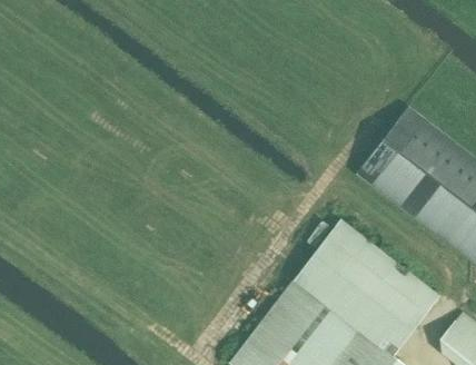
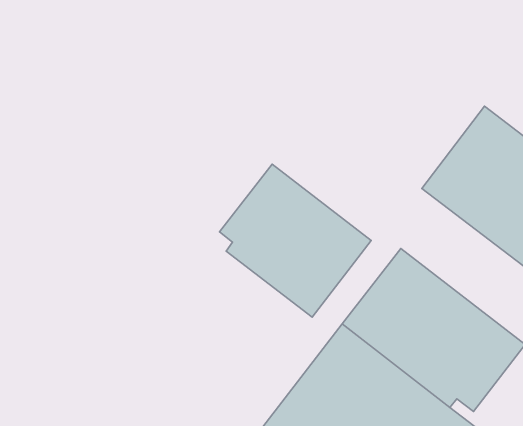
building: none -> [220,164,371,317]

